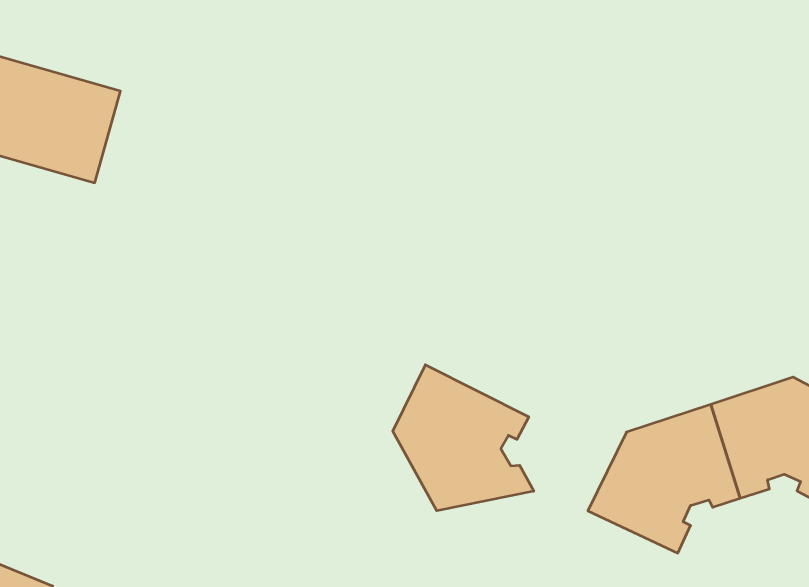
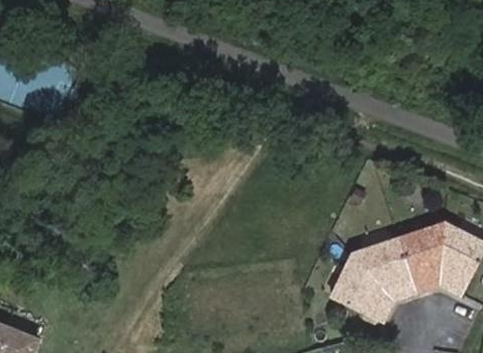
building: [393,365,534,511] -> none

